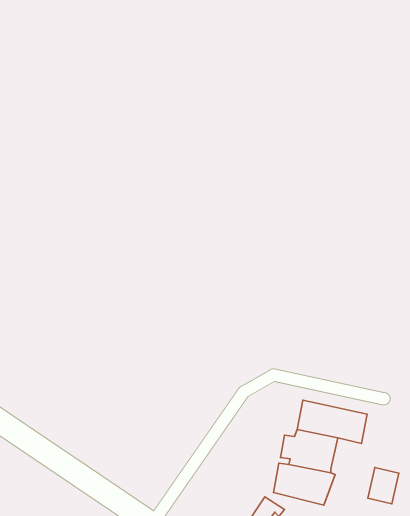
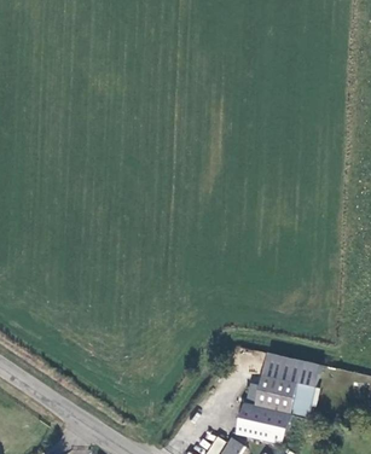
building: [368,467,399,504] -> [290,384,317,415]

